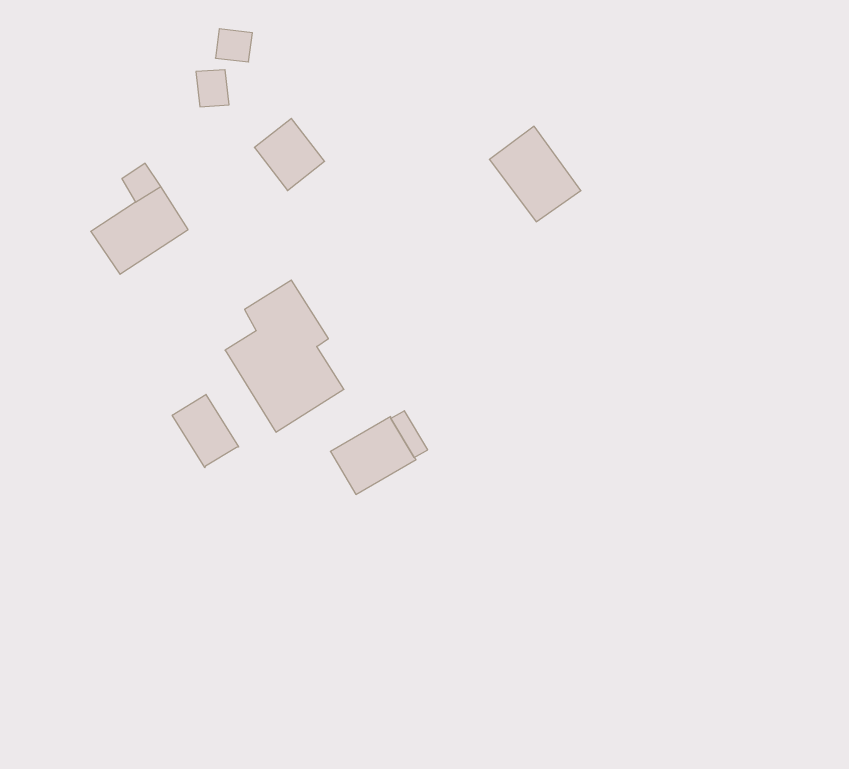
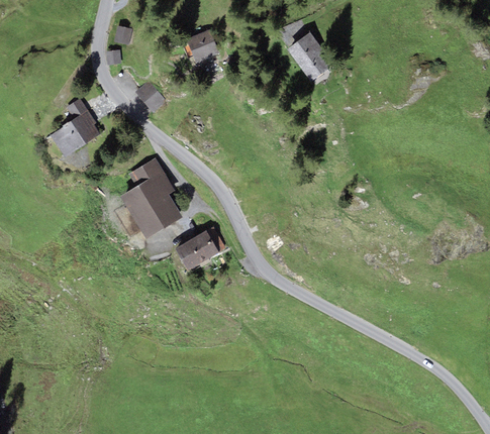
building: none -> [186,32,220,68]
building: [489,126,581,222] -> [287,30,334,80]
building: [172,394,239,468] -> none

